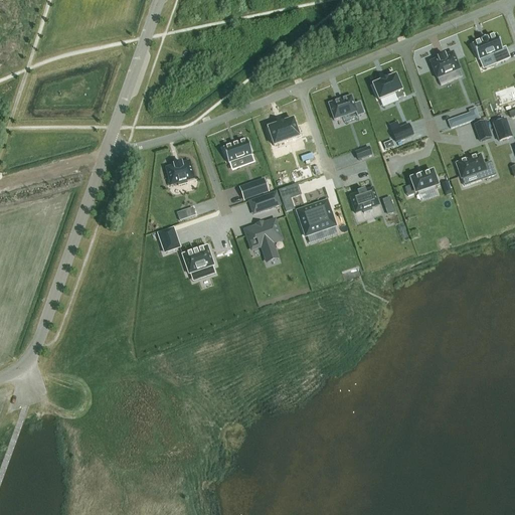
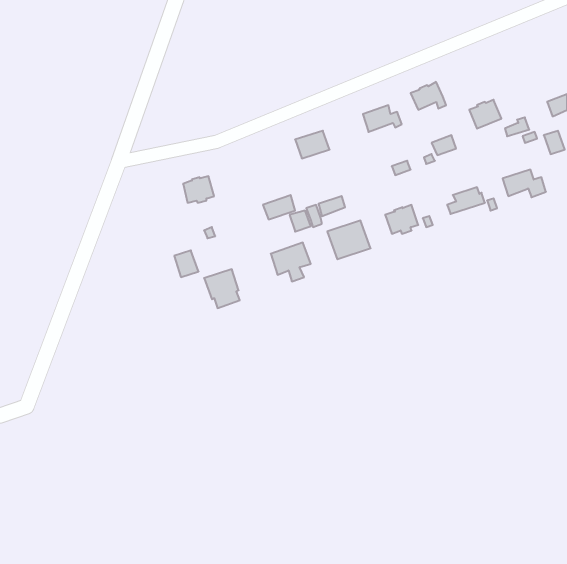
building: [472,35,509,64] -> none
building: [431,51,460,77] -> [469,100,501,129]
building: [222,139,253,164] -> none

